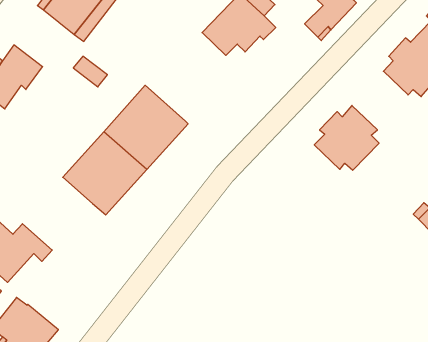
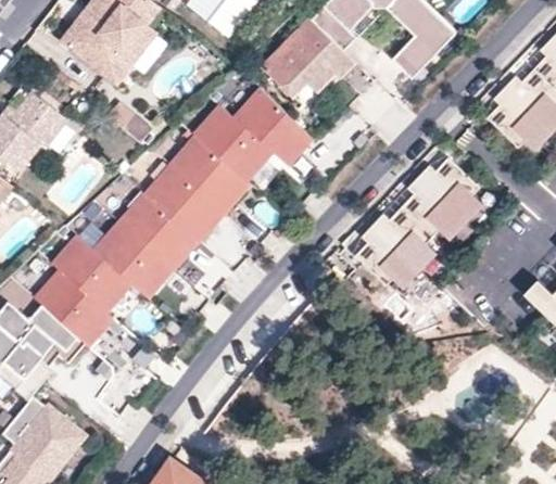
building: none -> [192,90,312,181]
building: none -> [357,211,437,291]
building: none -> [31,237,128,346]

